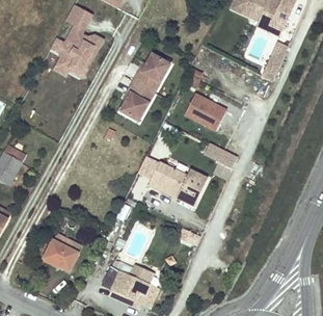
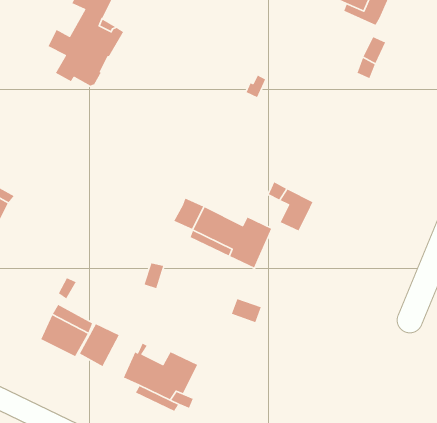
building: [120,53,170,121] -> none
building: [185,93,227,130] -> none
building: none -> [79,323,120,367]

